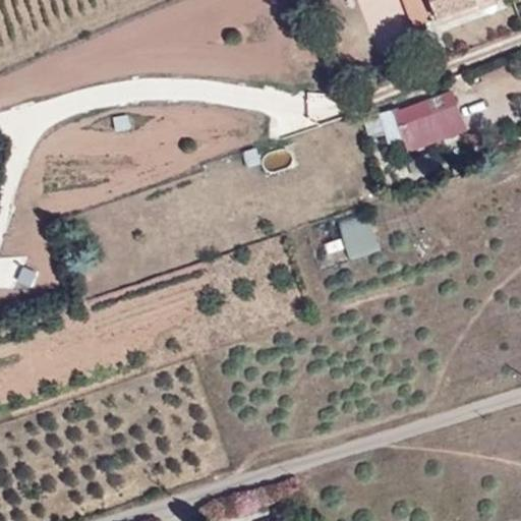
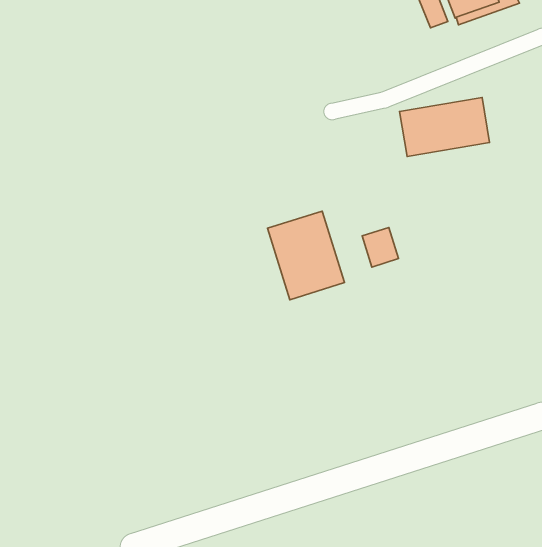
building: none -> [268,211,344,300]

